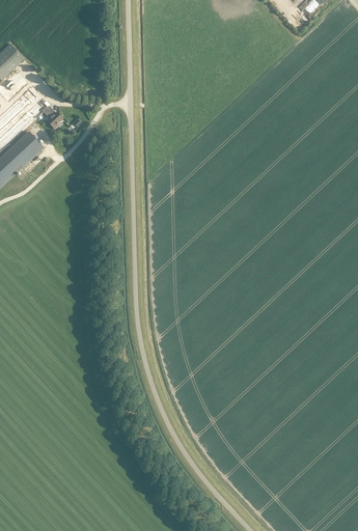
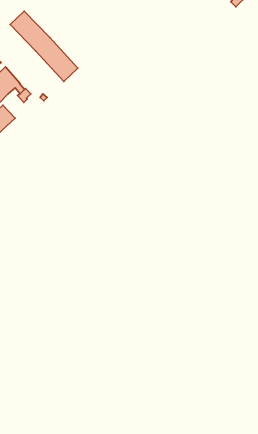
building: none -> [10,11,78,82]

